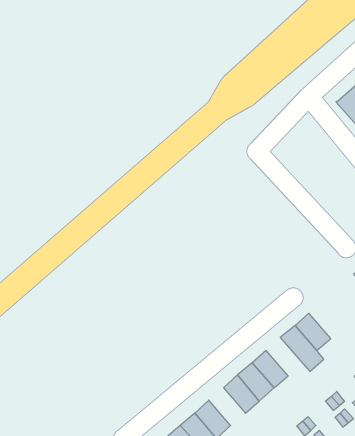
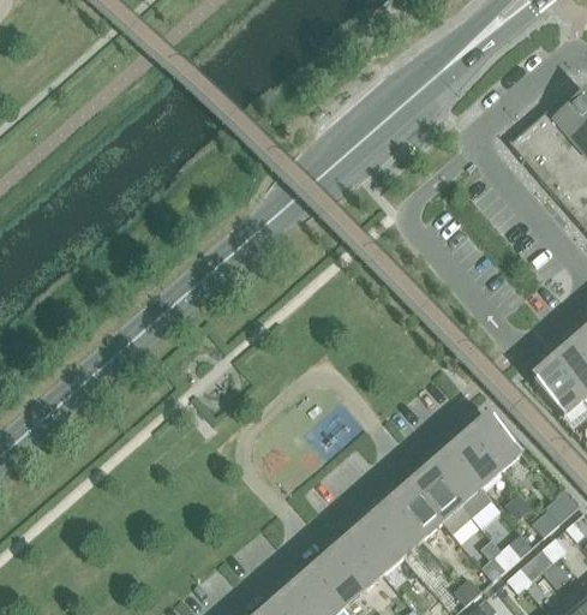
building: none -> [471,417,521,468]
building: none -> [412,467,472,532]
building: none -> [333,537,383,589]

